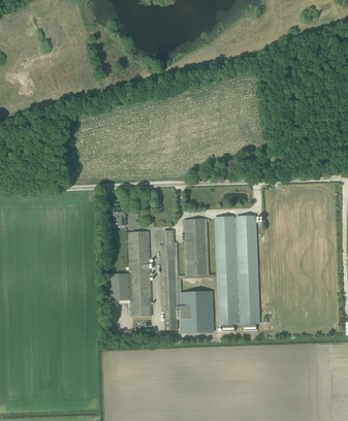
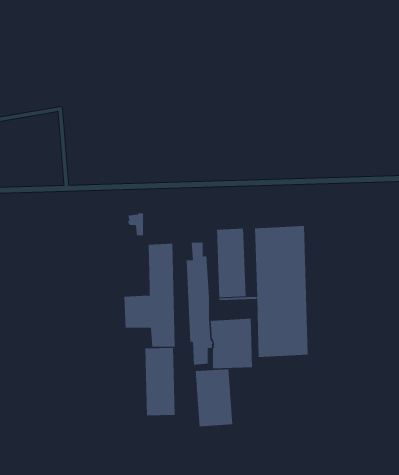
building: none -> [145,347,175,416]
building: none -> [195,368,233,427]

